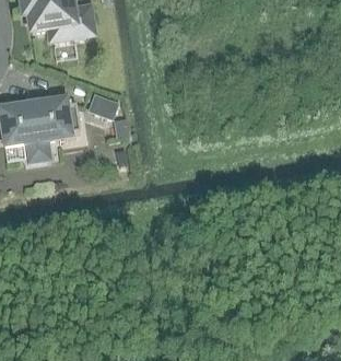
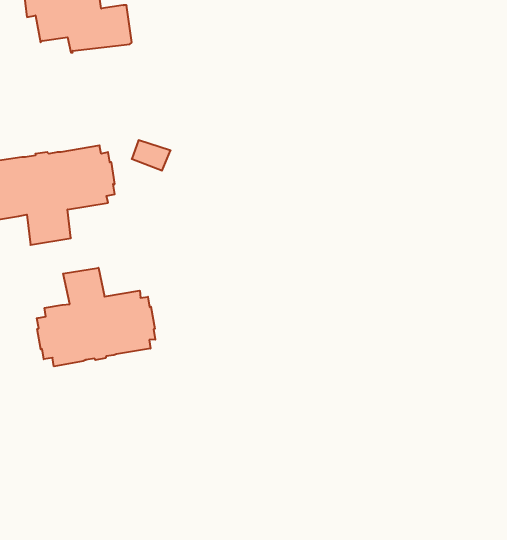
building: none -> [37,268,155,366]

